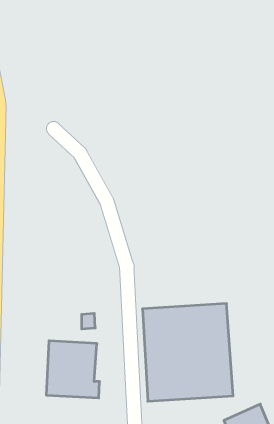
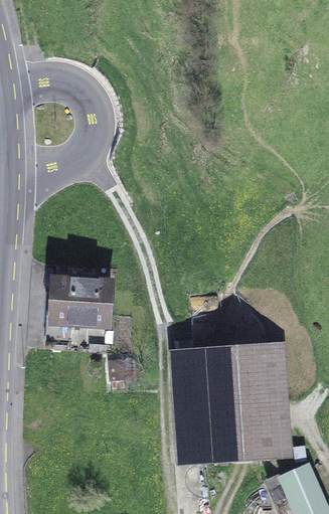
building: [46,341,100,398] -> [55,278,115,341]

